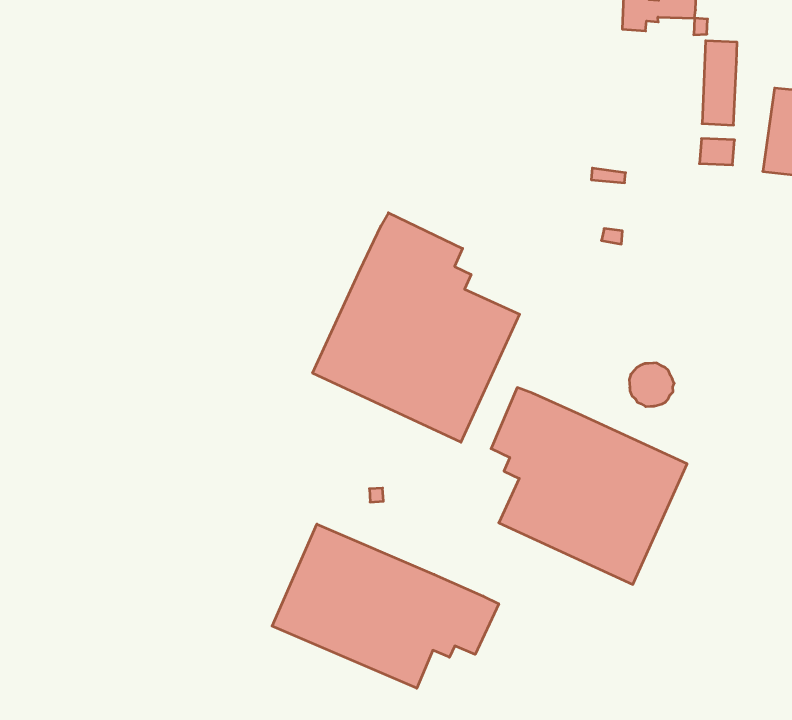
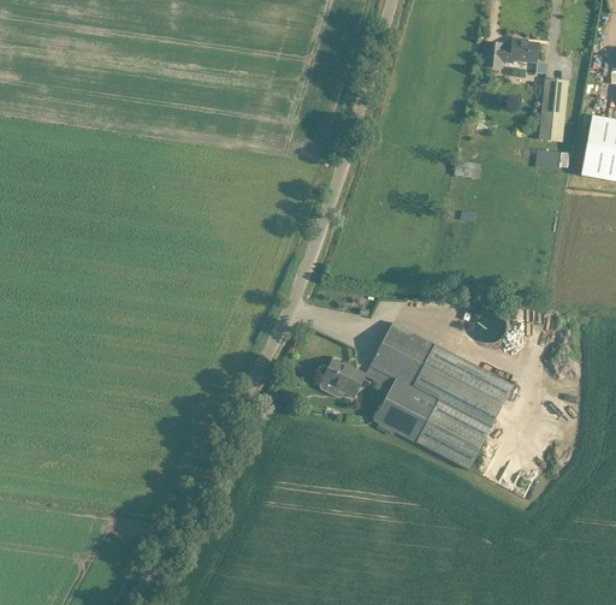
building: [313,213,520,442] -> none
building: none -> [320,360,366,397]
building: [272,524,499,688] -> none

